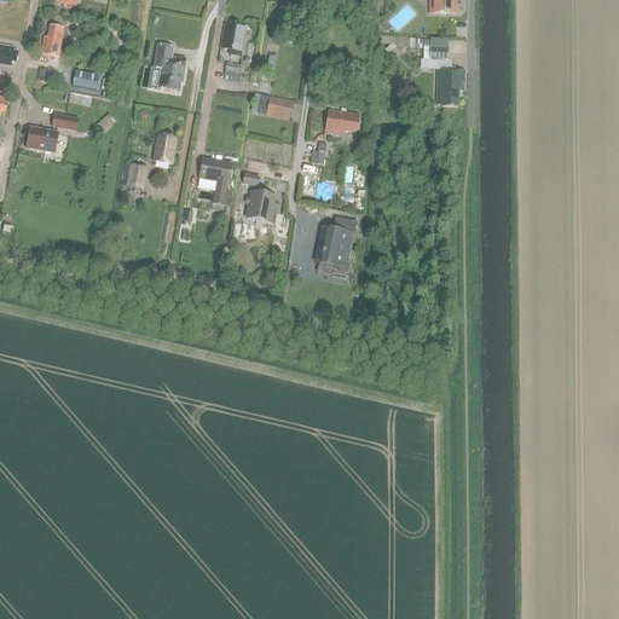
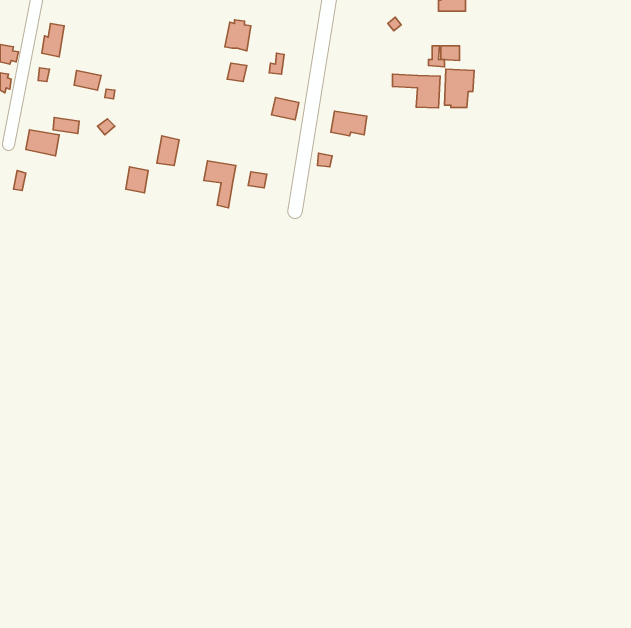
building: [154,44,185,91] -> none
building: none -> [393,74,440,108]
building: [247,191,276,222] -> none
building: [314,216,357,272] -> none

